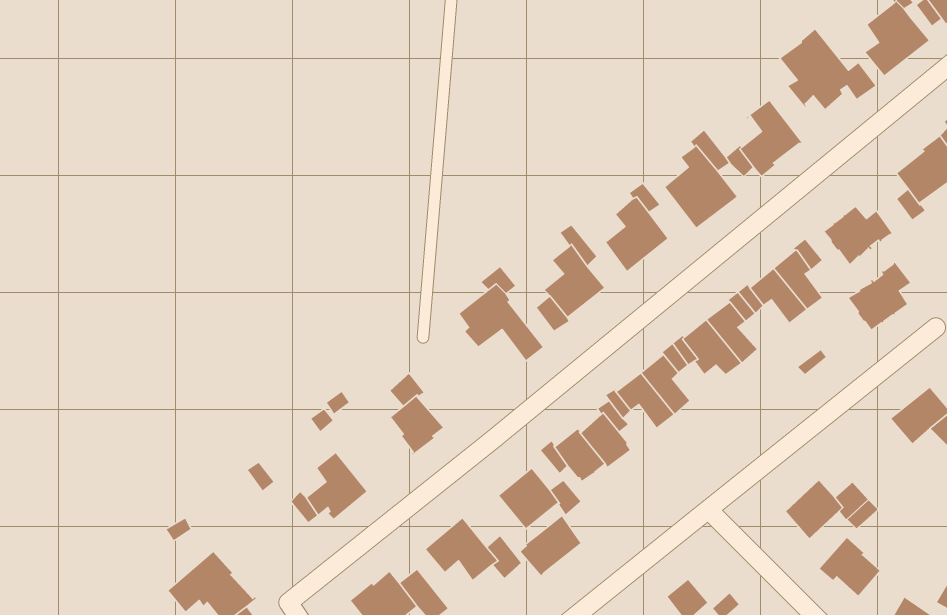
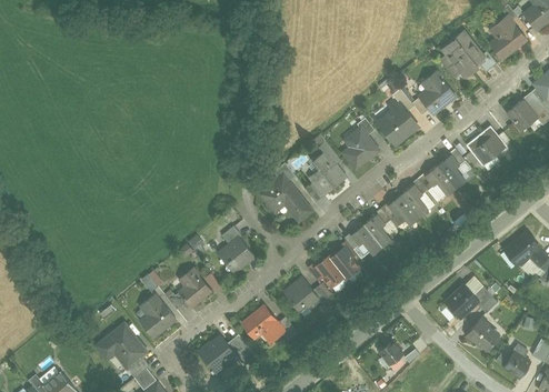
building: [847,262,911,331] -> none
building: none -> [141,295,174,336]
building: [520,515,583,576] -> none

